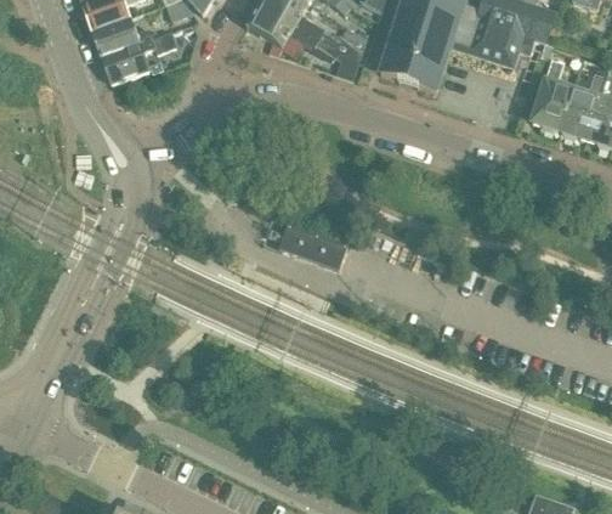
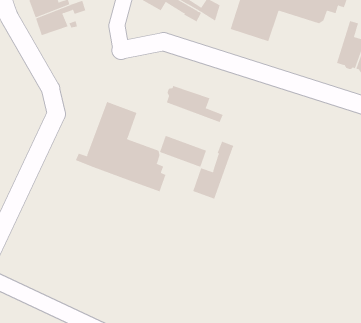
building: none -> [166,85,224,123]
building: none -> [75,101,166,192]
building: none -> [192,141,234,199]

